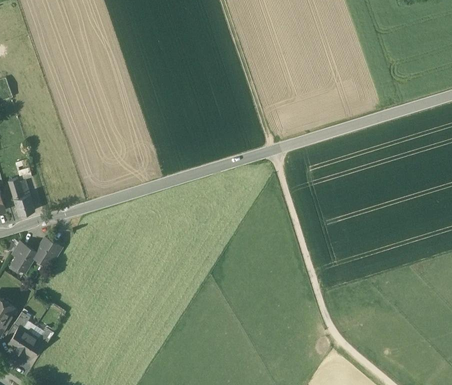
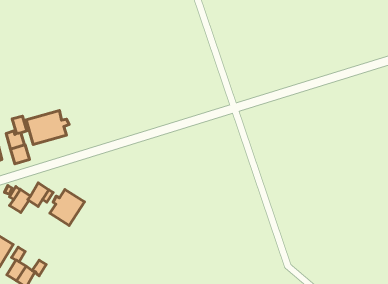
building: none -> [26,110,69,145]
building: none -> [50,189,85,226]

